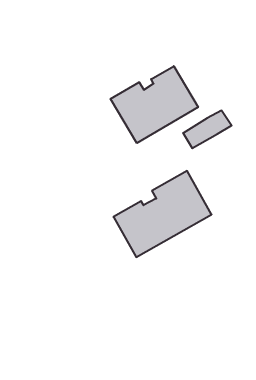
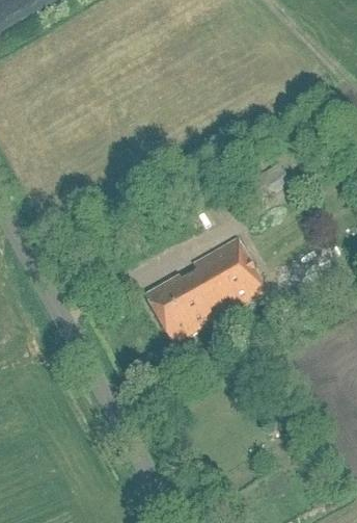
building: [111,66,198,143] -> none

